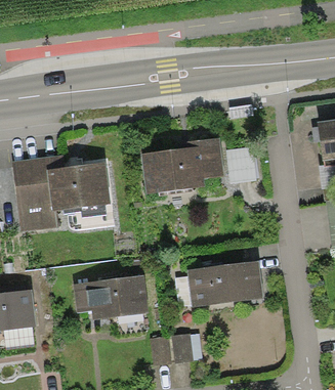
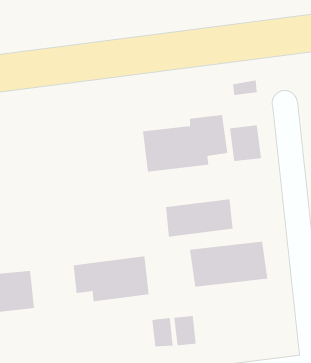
building: [12,155,110,232] -> none
building: none -> [165,198,233,237]

